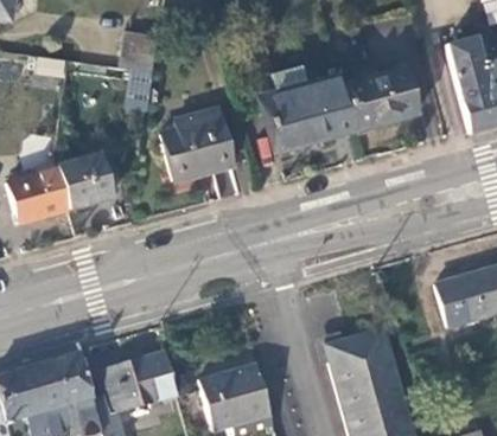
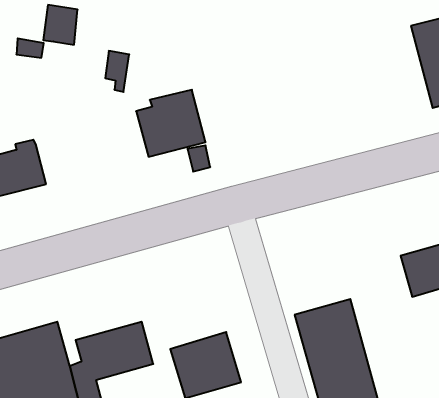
building: [122,32,158,73] -> [43,5,78,45]
building: [269,57,427,149] -> none
building: [57,156,111,209] -> none

